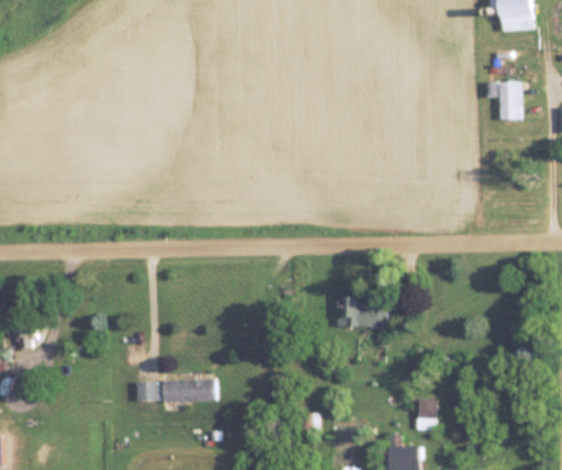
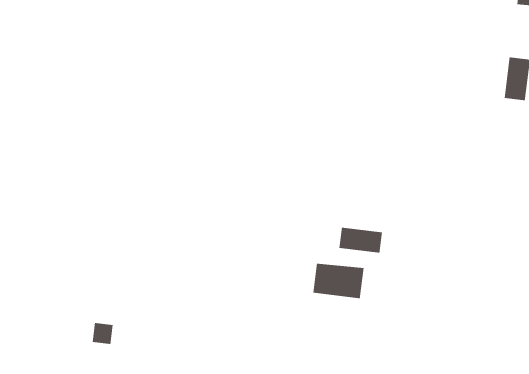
building: none -> [339,227,383,253]
building: [165,379,216,400] -> none

